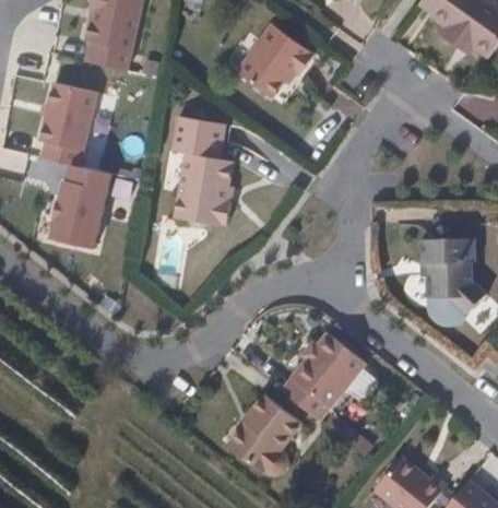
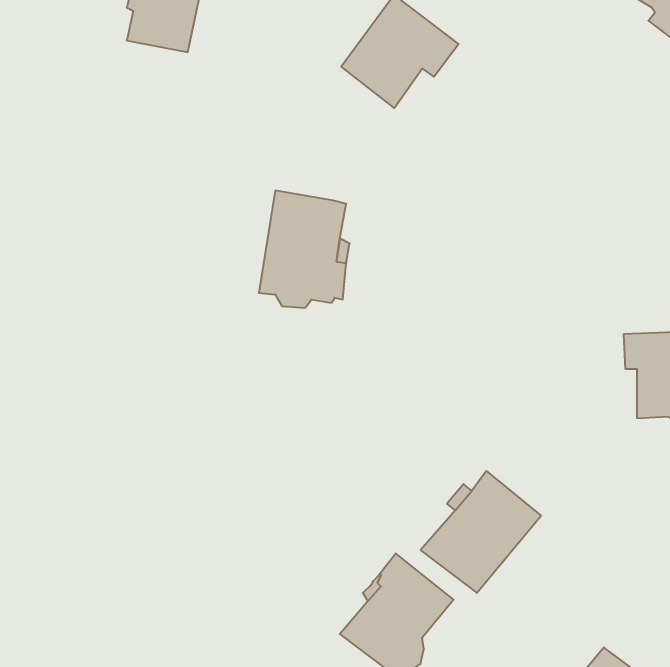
building: [45,73,98,155] -> none
building: [175,116,230,158] -> none
building: [55,160,115,243] -> none

